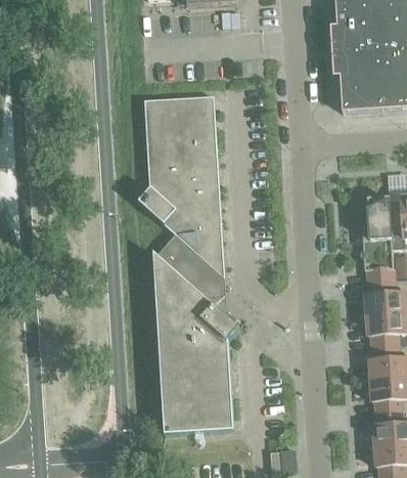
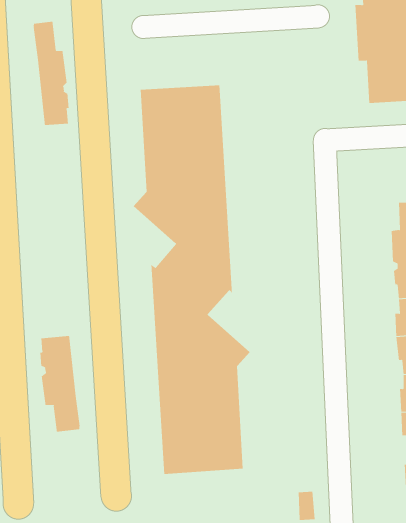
building: none -> [33,21,69,126]
building: none -> [40,335,80,433]

